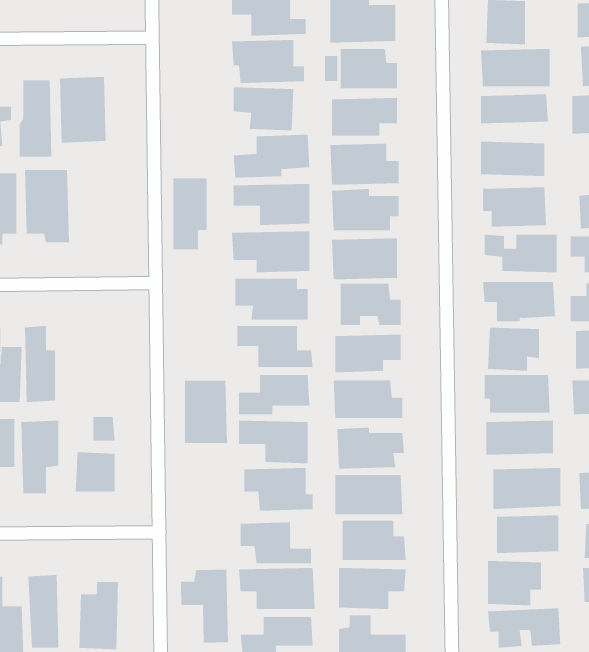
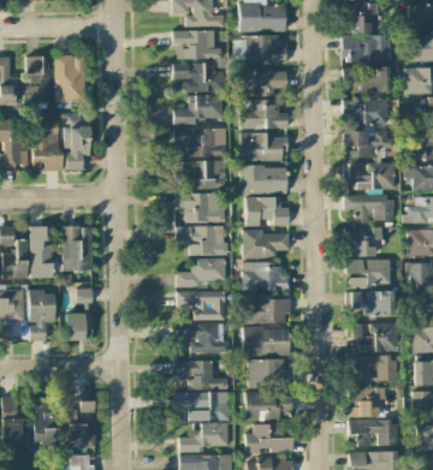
building: [172,178,207,250] -> [65,119,89,168]
building: [184,380,228,443] -> [63,226,93,269]
building: [180,569,228,643] -> none

